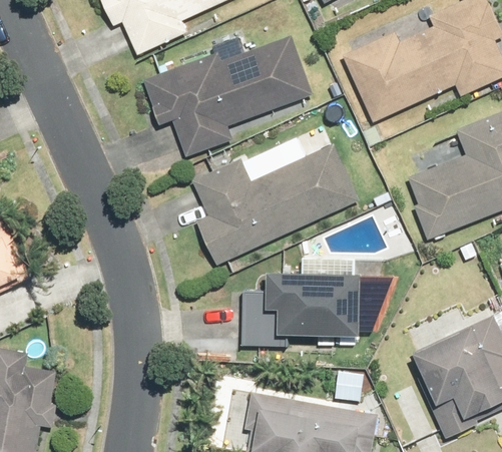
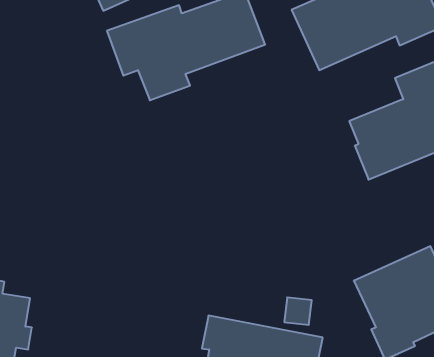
building: [194,142,361,267] -> none
building: [240,270,362,347] -> none

